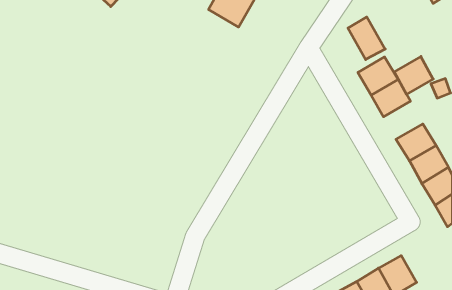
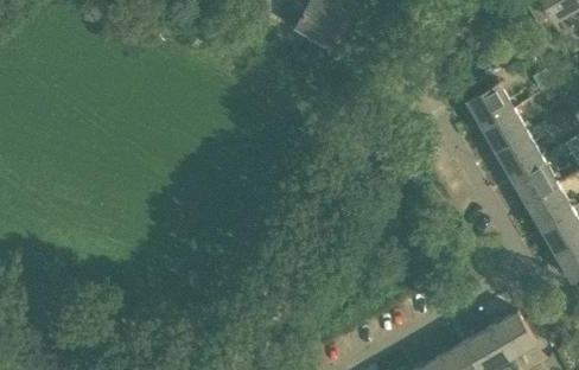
building: [348,17,385,60] -> none
building: [394,56,433,94] -> [496,133,541,177]

